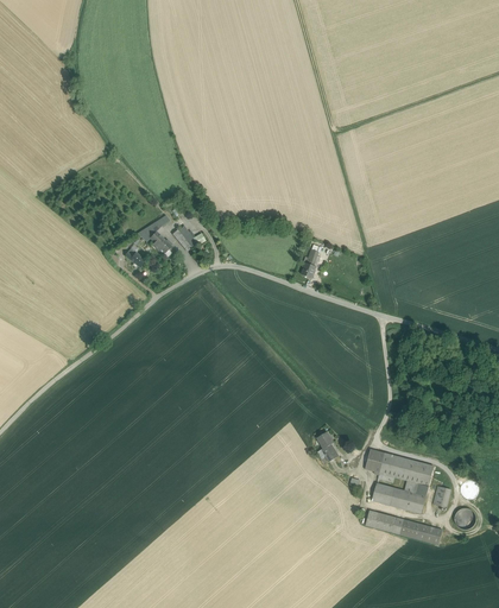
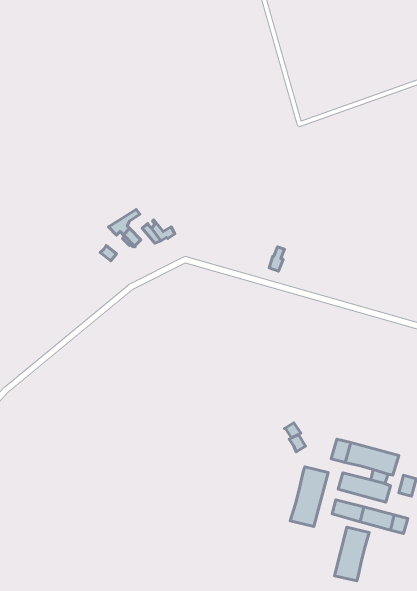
building: none -> [290,467,328,527]
building: none -> [335,527,369,581]

